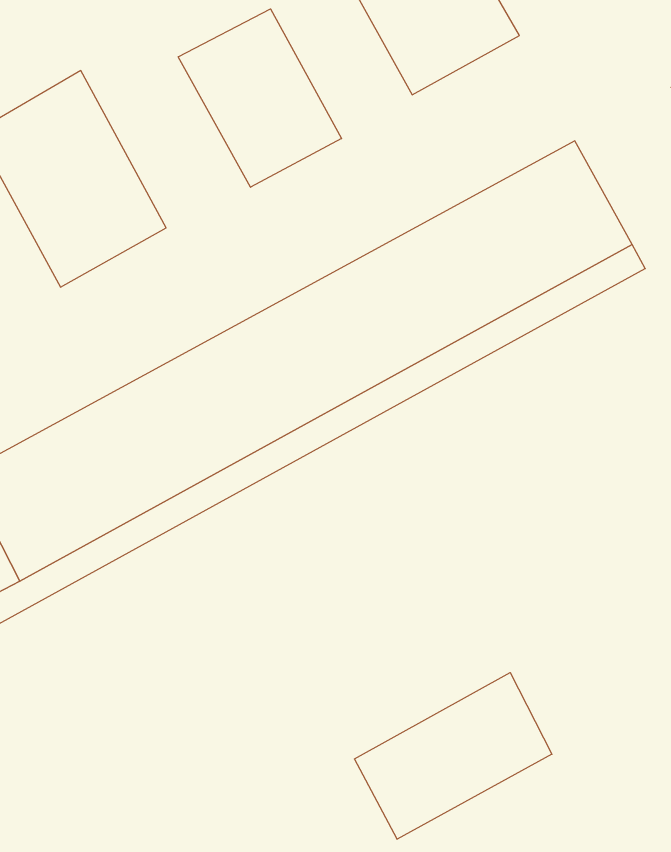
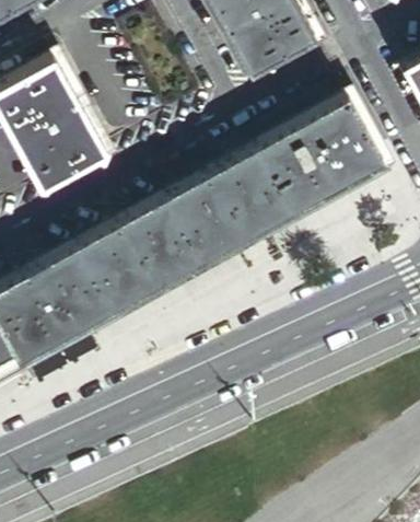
building: [178,9,342,187] -> none
building: [354,673,552,839] -> none

